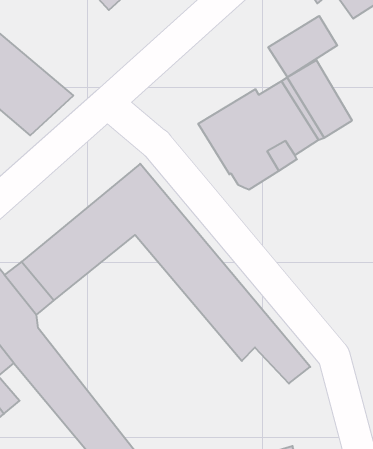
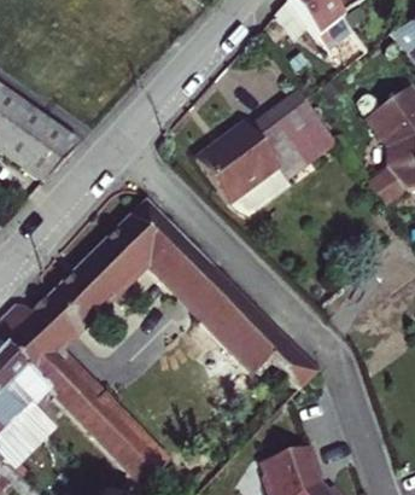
building: [268,16,337,77] -> none

